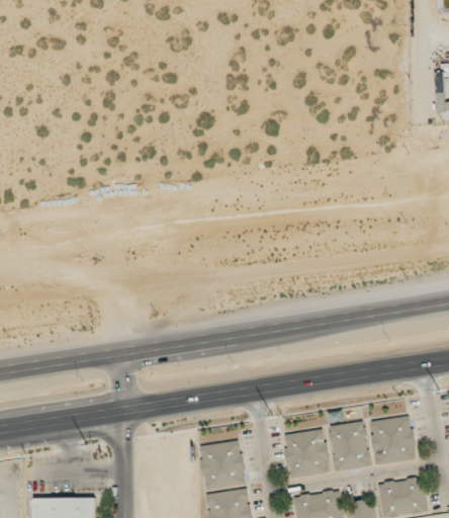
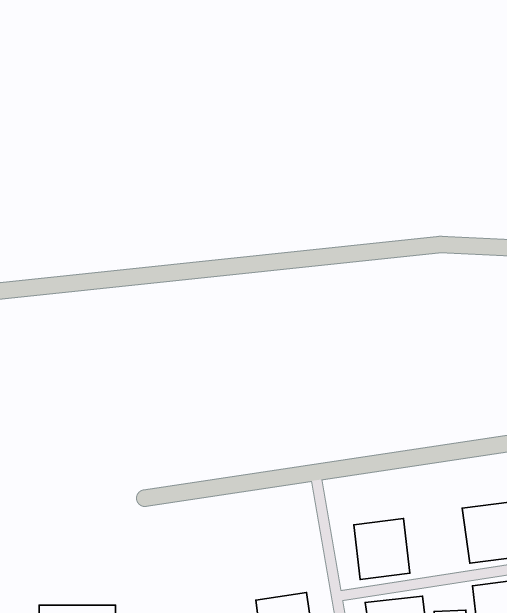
building: [329,422,369,471] -> none
building: [199,441,245,491] -> none

